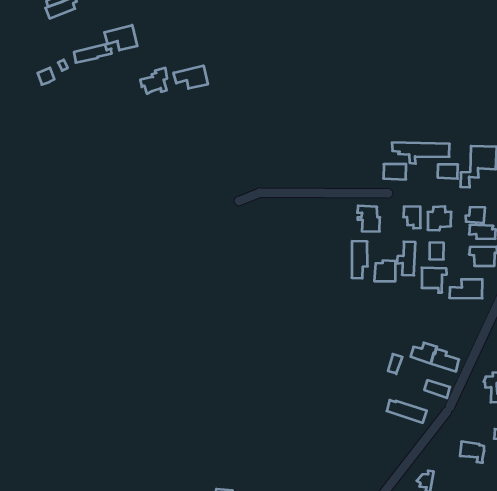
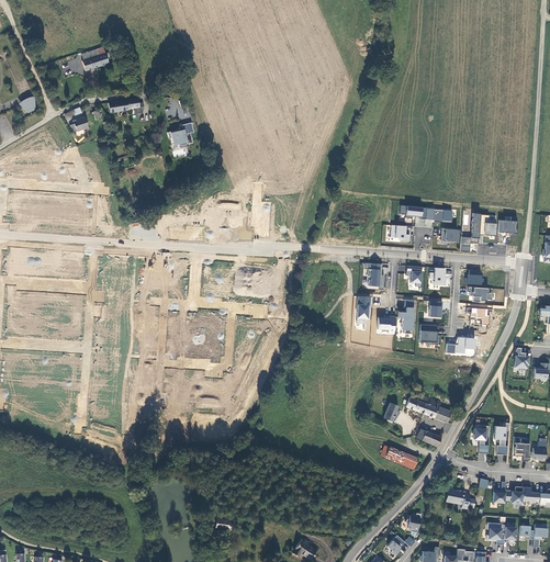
building: [104,25,137,50] -> none
building: [174,66,208,89] -> none

